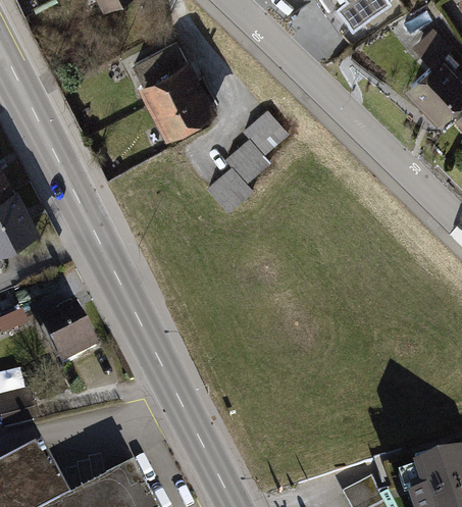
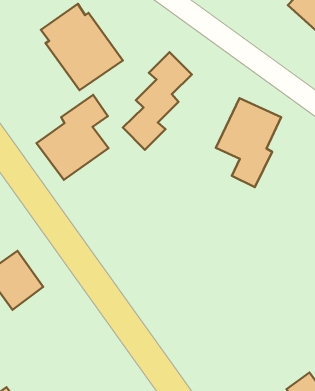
building: none -> [37,95,108,180]
building: none -> [216,98,281,187]

